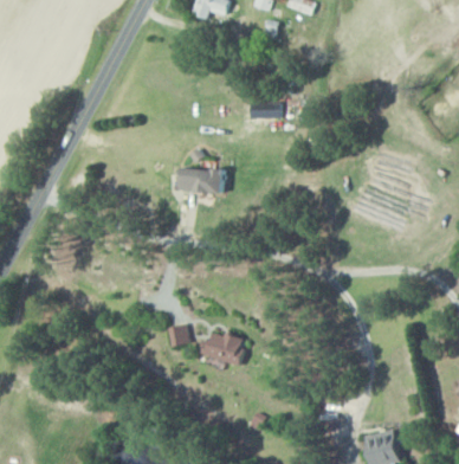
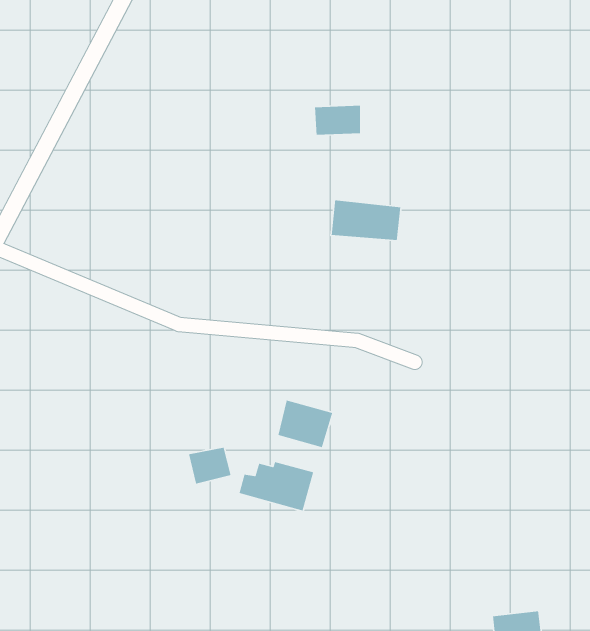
building: [177,167,224,194] -> [331,200,401,241]
building: none -> [277,400,333,448]

